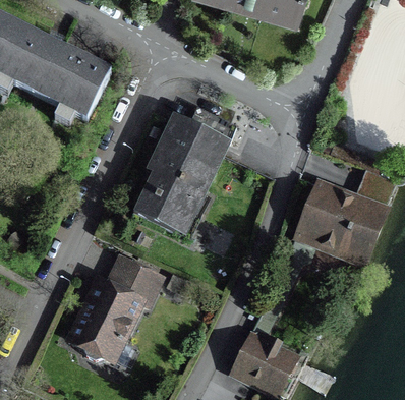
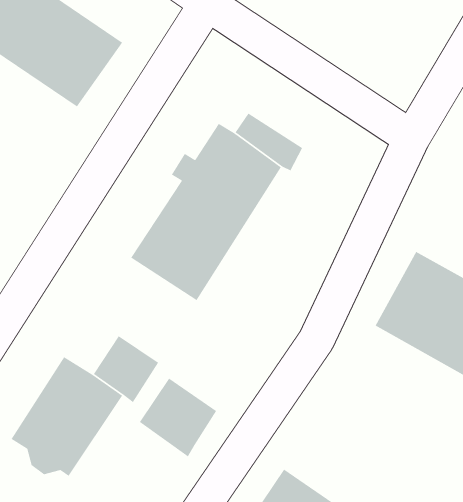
building: none -> [139,377,217,457]

